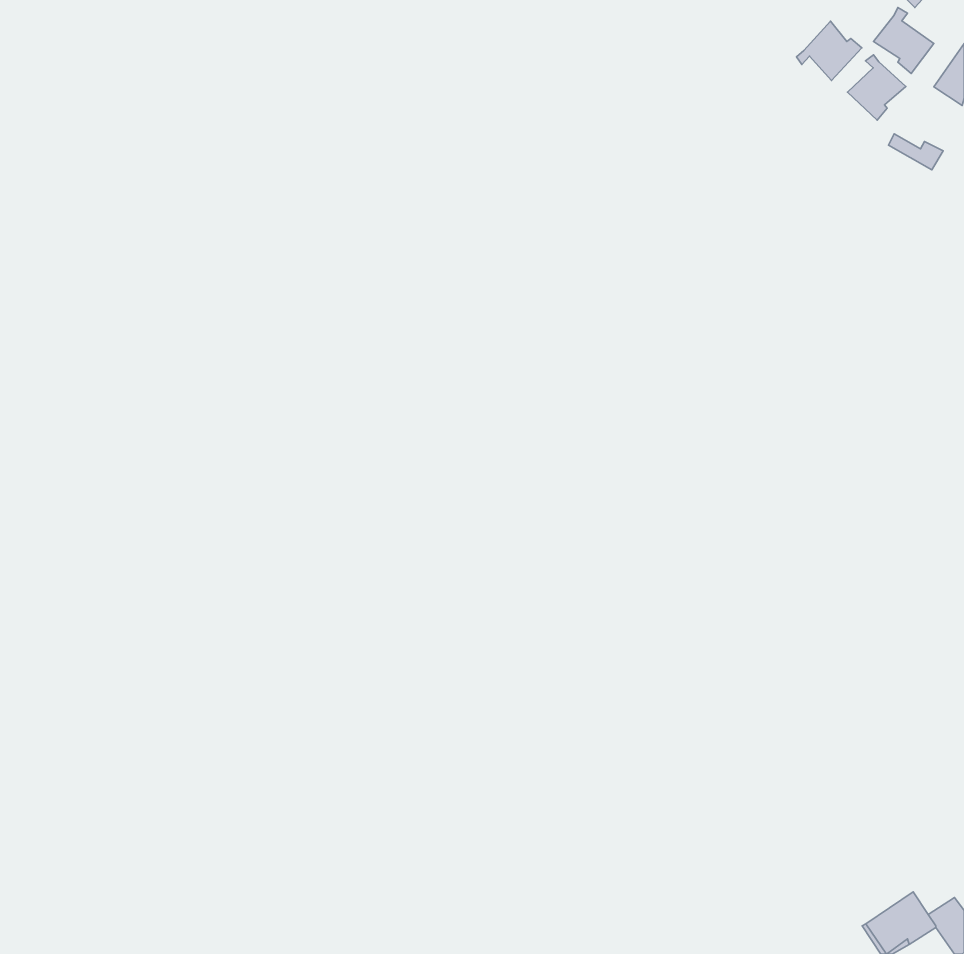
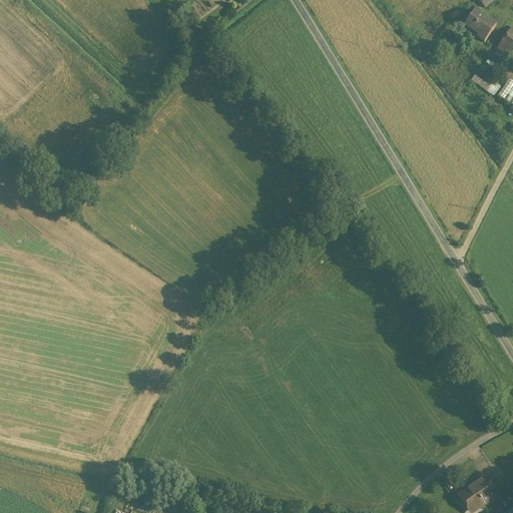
building: [796,21,862,80] -> none
building: [847,55,906,120] -> none

